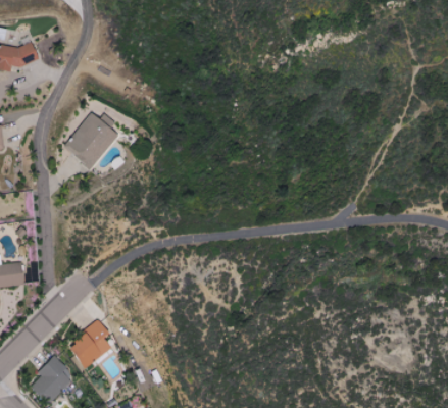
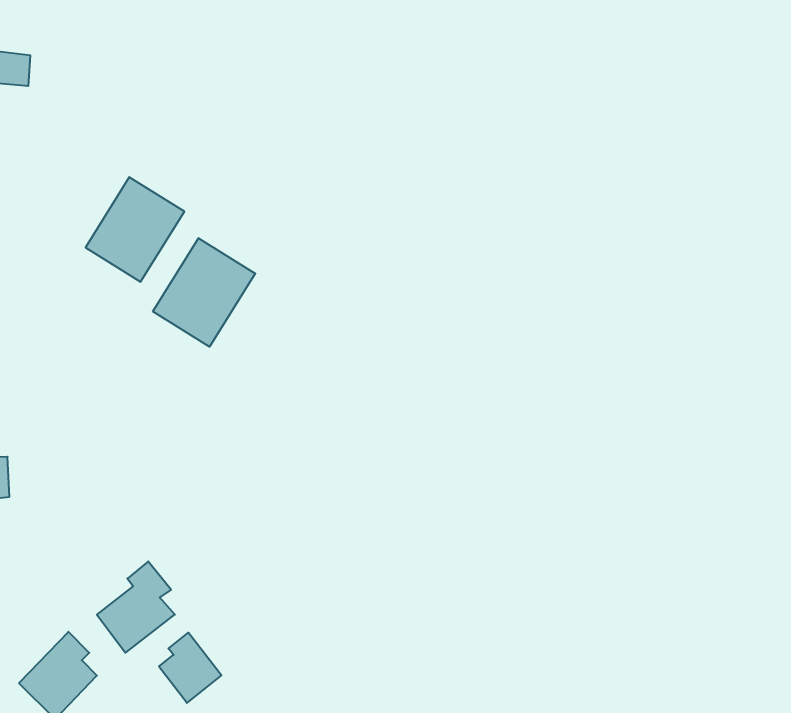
building: none -> [153,238,255,347]
building: none -> [159,633,221,703]

